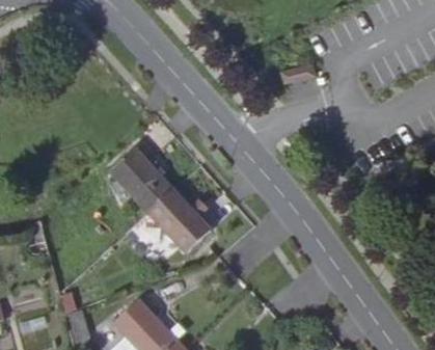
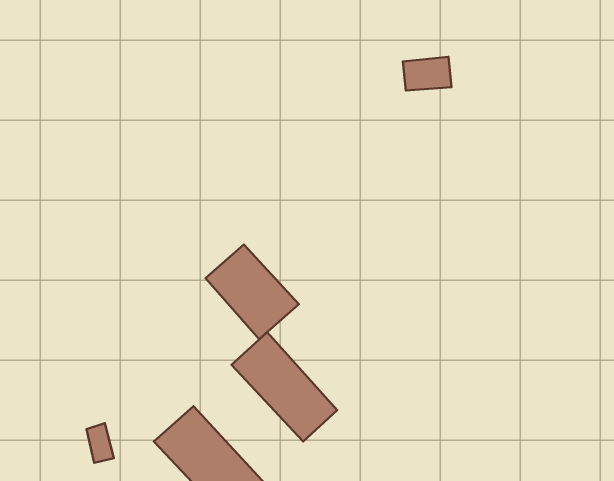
building: [110,149,172,211] -> none
building: none -> [232,332,337,442]

